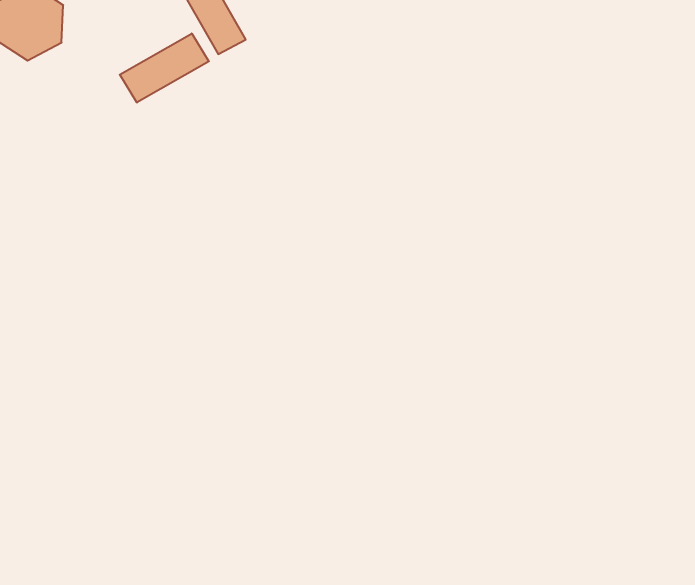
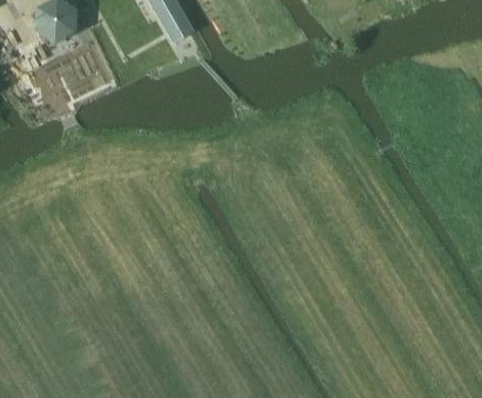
building: [120,33,209,103] -> none

